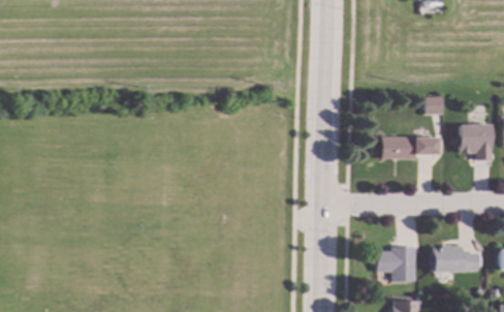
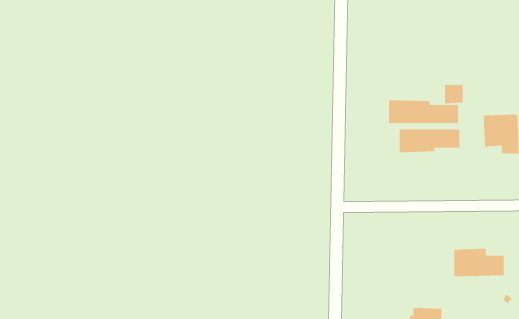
building: none -> [389,99,458,124]
building: [378,246,418,280] -> none

